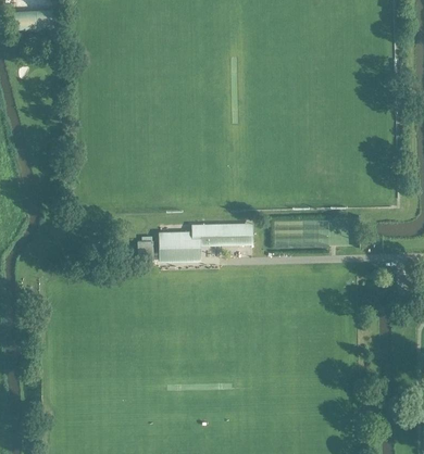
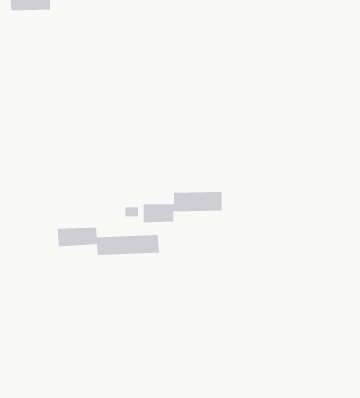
building: none -> [57,227,160,256]

